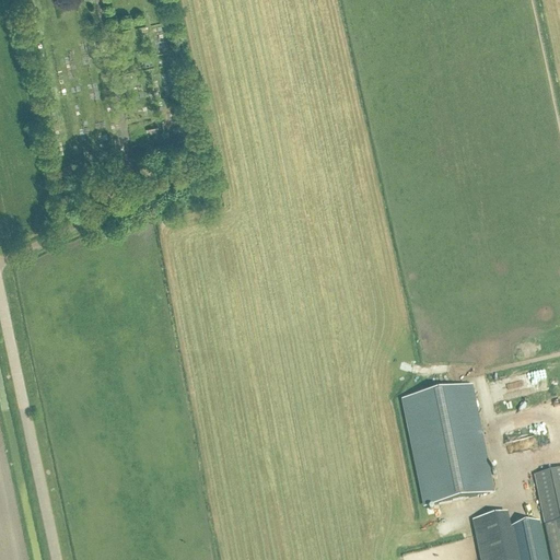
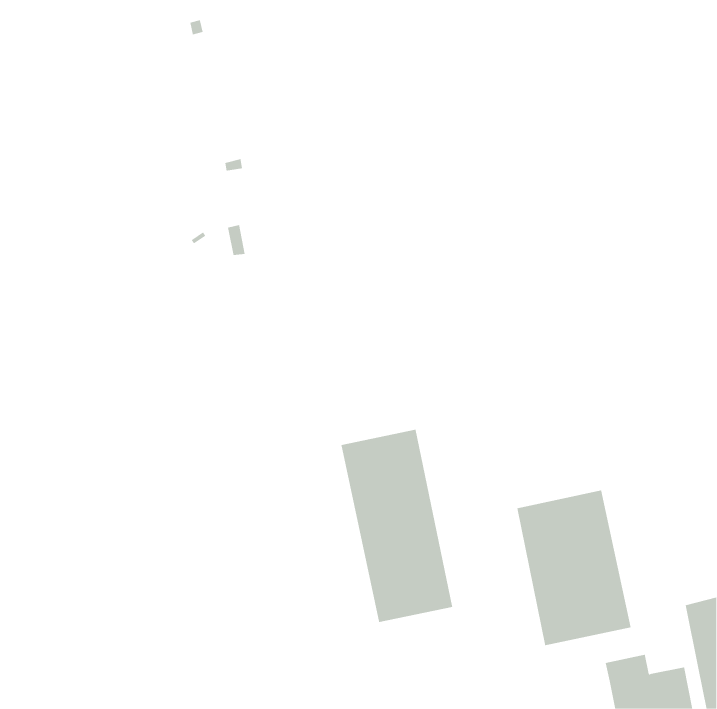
building: none -> [341,429,453,623]

